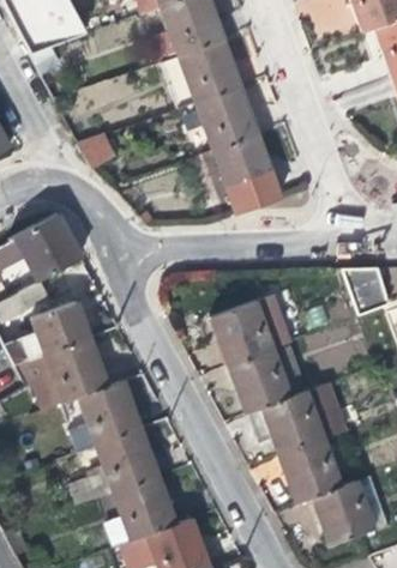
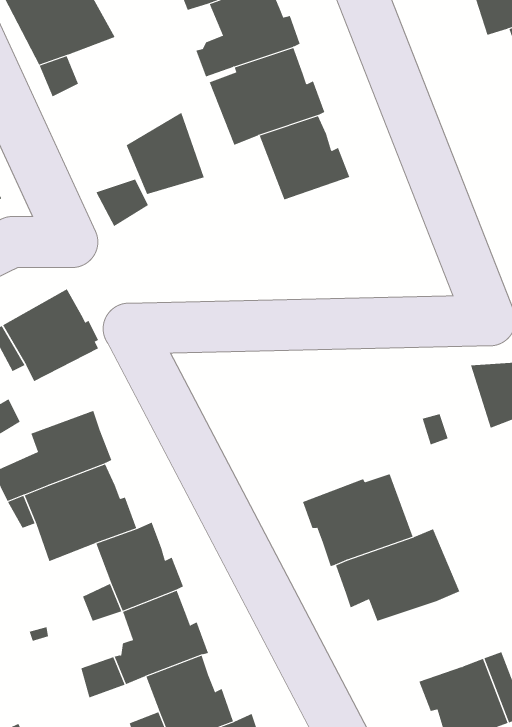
building: none -> [126,112,205,195]
building: [212,133,277,204] -> none
building: [210,295,285,367] -> none
building: [276,439,341,501] -> none

